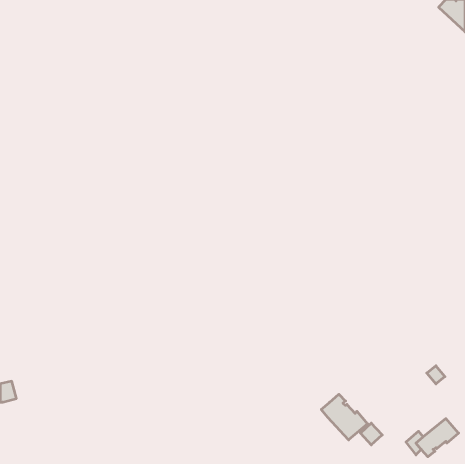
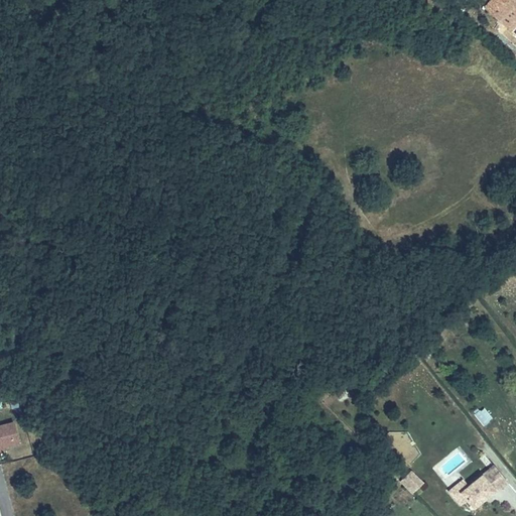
building: [321,394,368,440] -> none

